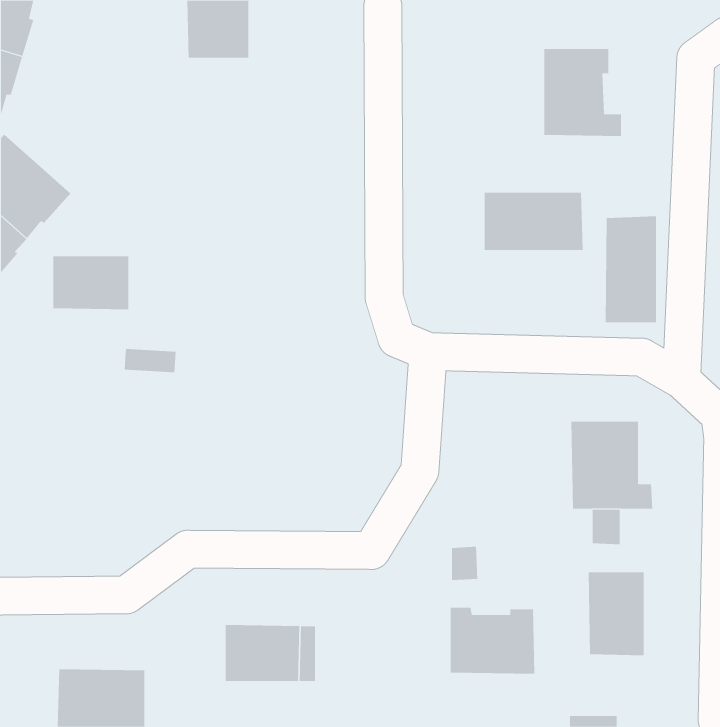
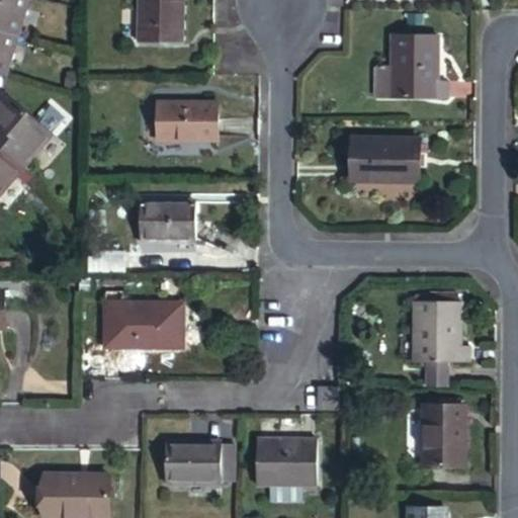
building: none -> [156,100,217,141]
building: [605,216,657,323] -> none
building: [52,256,129,310] -> [138,202,192,241]
building: none -> [104,299,179,345]
building: [450,607,535,674] -> [255,440,316,488]

